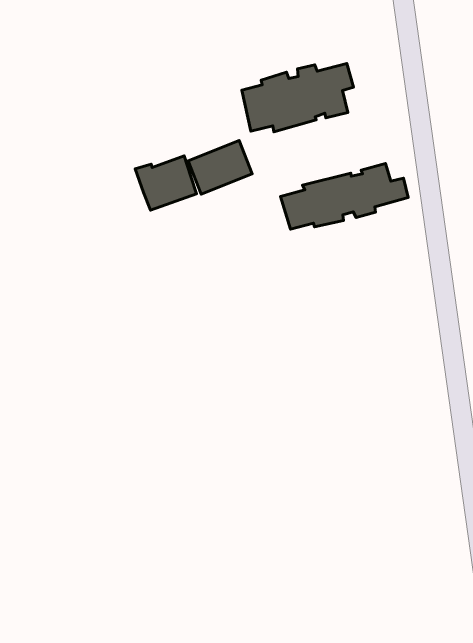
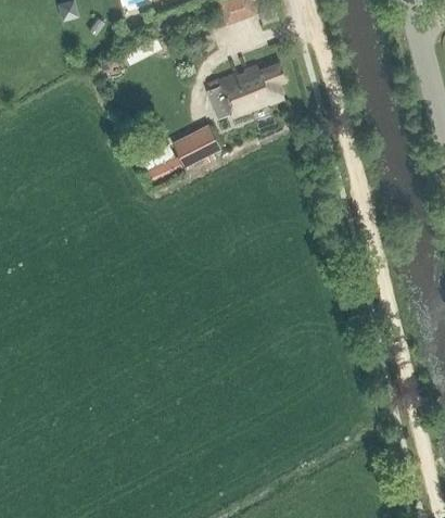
building: [280,163,408,229] -> none

